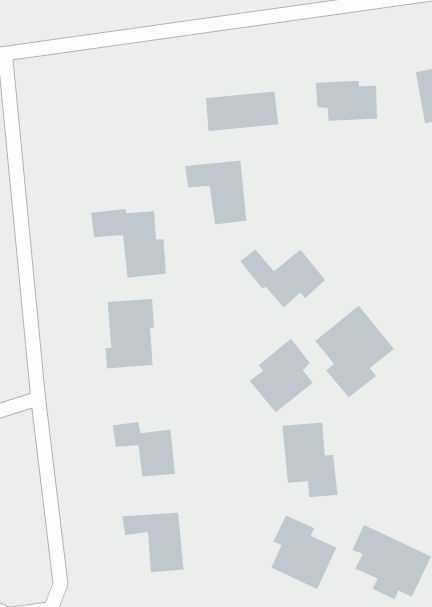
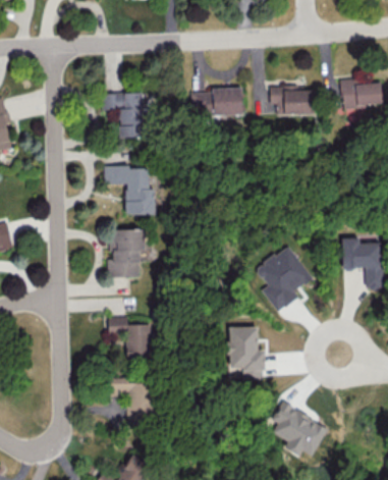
building: [184,160,247,225] -> [102,92,144,137]
building: [239,249,326,309] -> none
building: [248,338,314,413] -> none
building: [270,514,338,590] -> none

